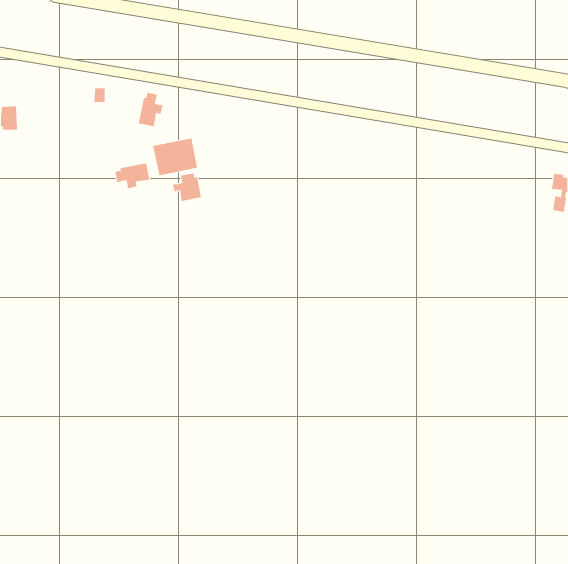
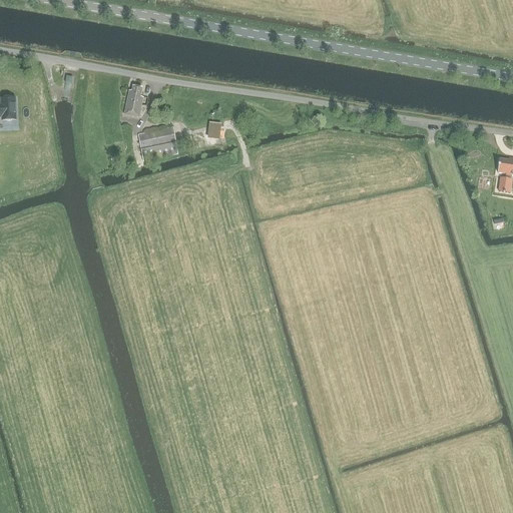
building: [115,162,150,189] -> none
building: [172,173,202,202] -> none

